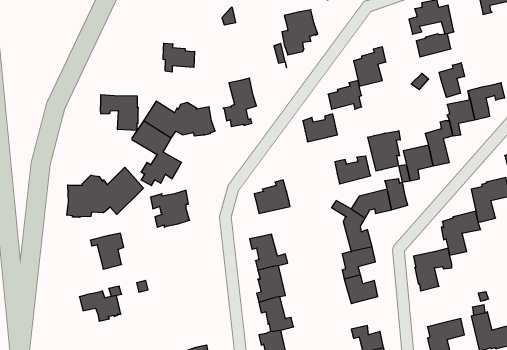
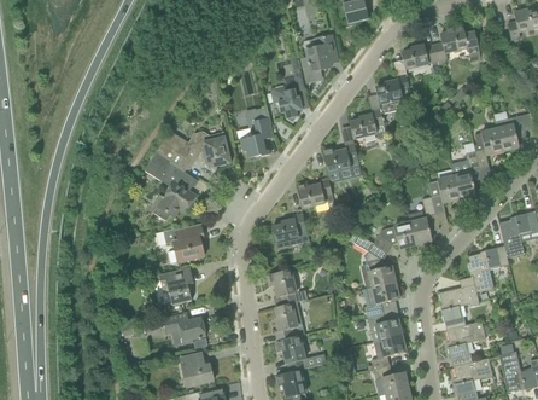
building: [416,34,451,57] -> [400,45,437,69]
building: [163,43,194,72] -> none
building: none -> [270,86,302,123]
building: [439,63,464,97] -> none
building: [100,95,138,131] -> none
building: [368,131,400,171] -> none
building: [335,156,371,184] -> [296,179,333,208]
building: [67,167,143,217] -> none
building: [90,233,124,269] -> [158,267,193,305]
building: none -> [445,320,485,366]
building: [79,291,121,321] -> [162,312,205,343]
building: none -> [370,335,404,369]
building: none -> [180,353,212,385]

